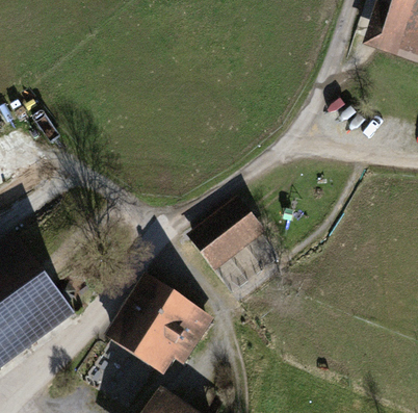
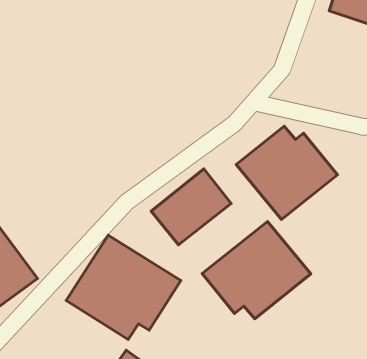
building: none -> [236,126,338,220]
building: none -> [202,221,311,319]

